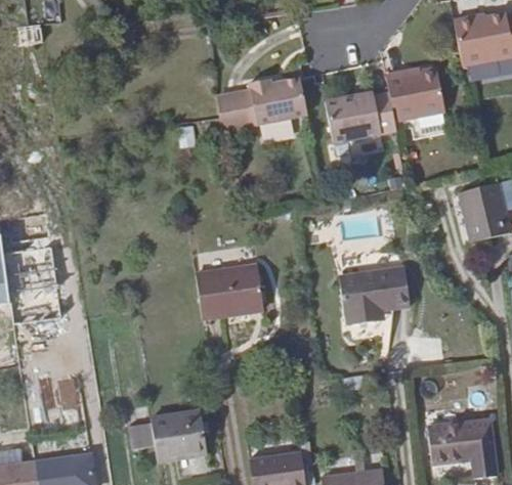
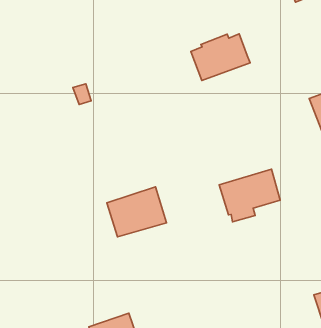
building: [386,73,444,125] -> none
building: [219,82,308,134] -> none

